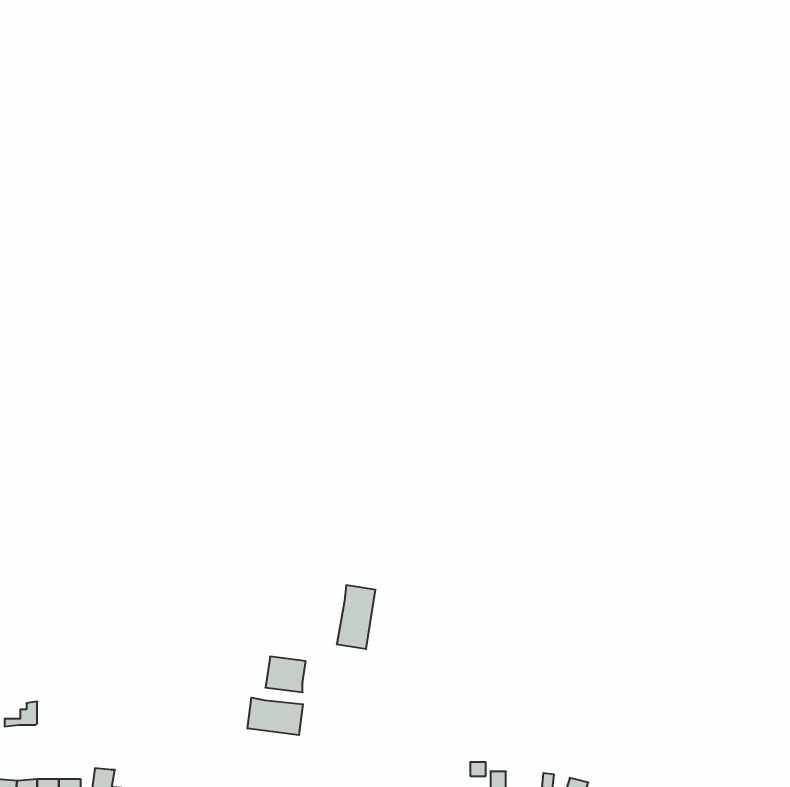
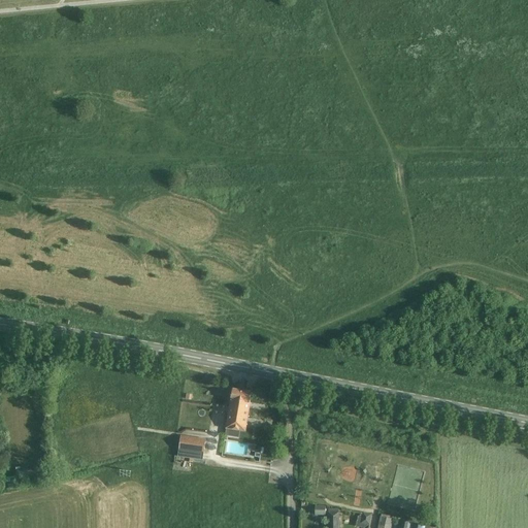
building: [248,698,303,735] -> none

